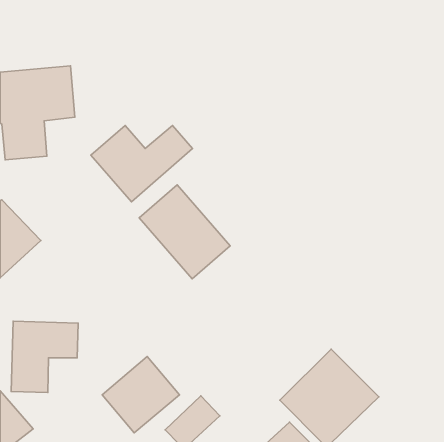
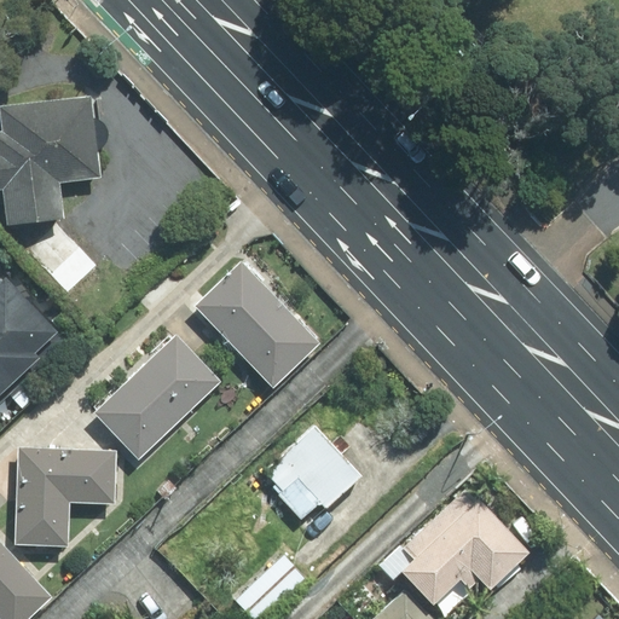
building: [91,125,192,202] -> none
building: none -> [92,331,222,459]
building: [102,356,179,433] -> [258,422,365,528]

